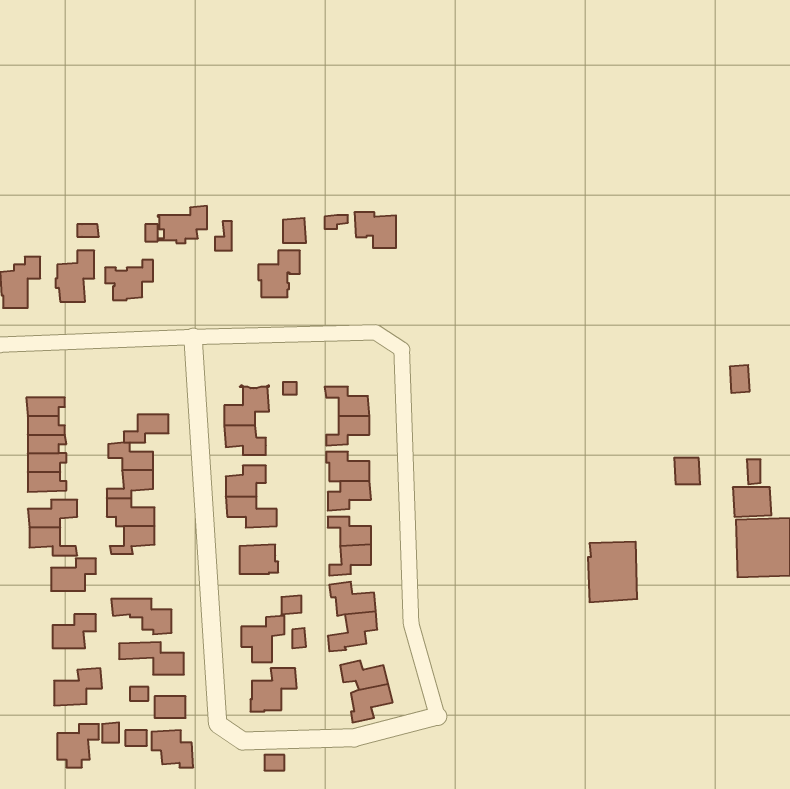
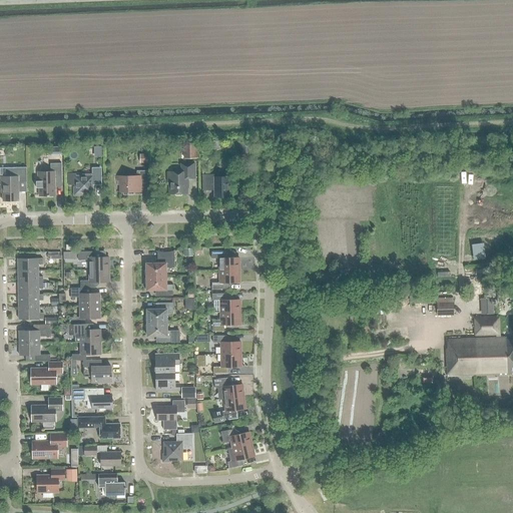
building: [158,206,207,243] -> [115,169,147,193]
building: [354,212,396,248] -> [201,173,228,196]
building: none -> [78,250,109,269]
building: [588,542,637,602] -> [446,337,478,376]
building: none -> [83,360,111,382]
building: none -> [155,372,179,390]

